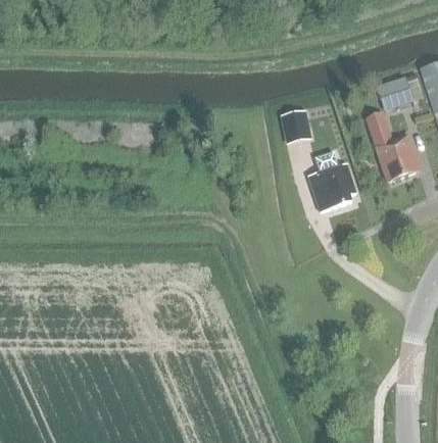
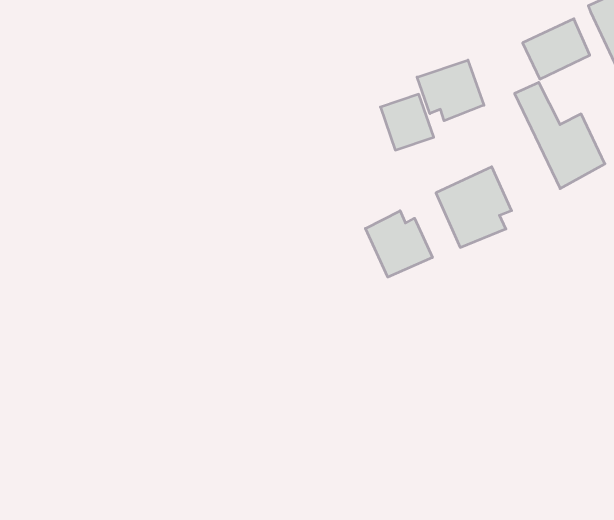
building: none -> [417,60,484,121]
building: none -> [365,211,432,277]

